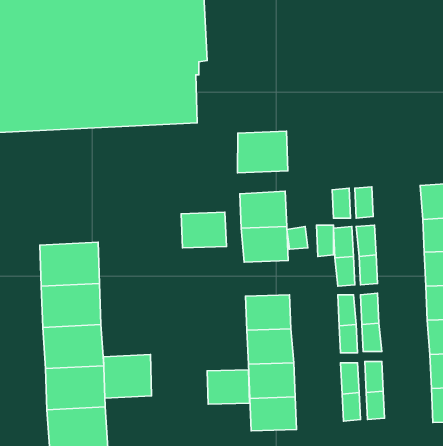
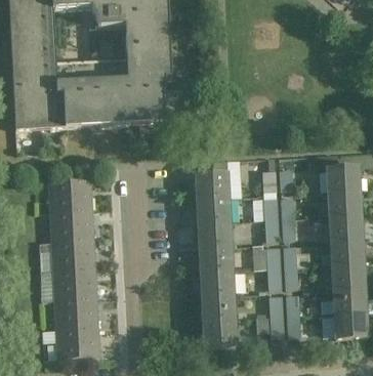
building: [238,131,288,173] -> none
building: none -> [49,177,93,209]
building: [181,212,226,248] -> [199,220,232,246]
building: [104,355,152,398] -> none
building: [207,370,250,404] -> none

